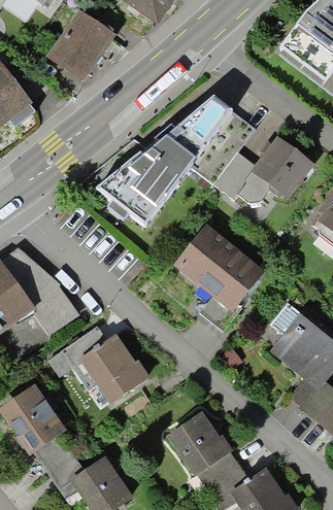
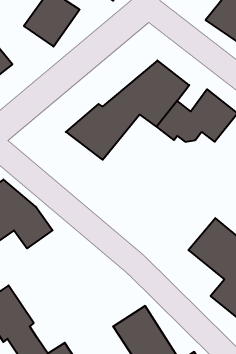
building: [176,227,267,314] -> none
building: [74,335,140,403] -> none

